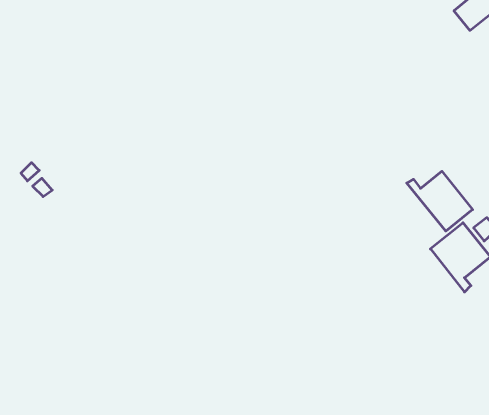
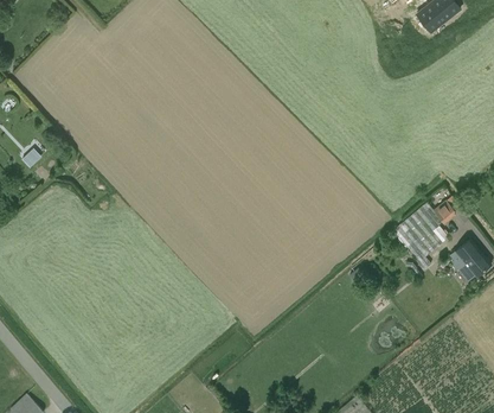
building: [407,171,473,231] -> none

